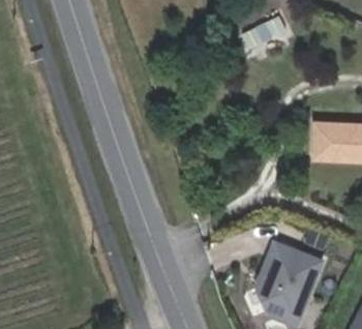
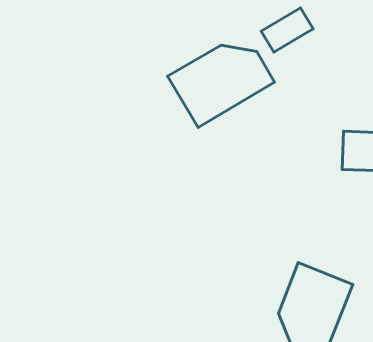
building: none -> [168,45,275,127]

